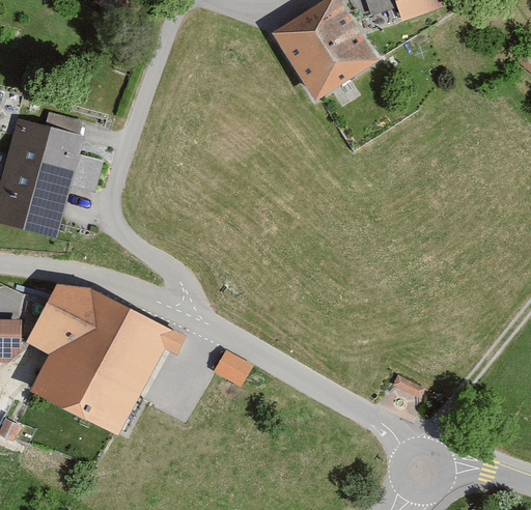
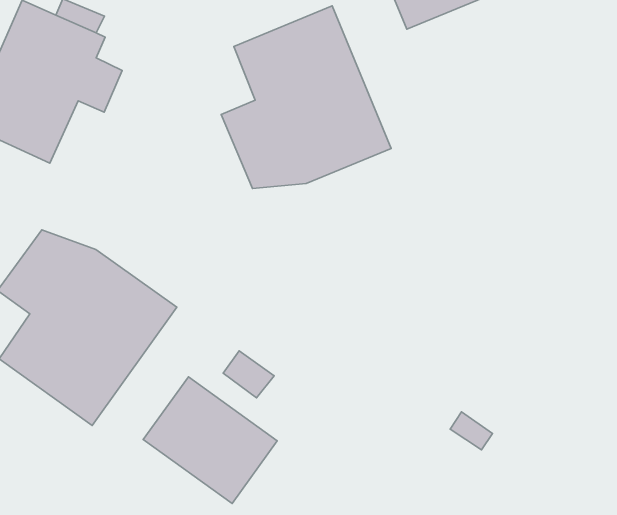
building: none -> [221,6,391,188]
building: none -> [143,377,277,503]

